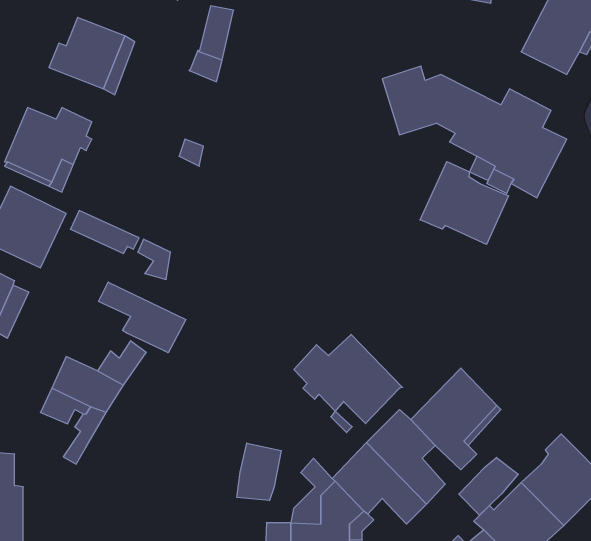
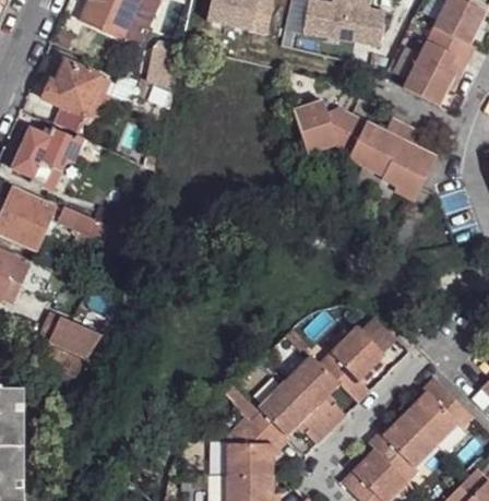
building: [420,162,509,244] -> none
building: [99,282,186,353] -> none
building: [294,334,403,424] -> none
building: [237,443,281,501] -> none
building: [459,457,518,515] -> none

